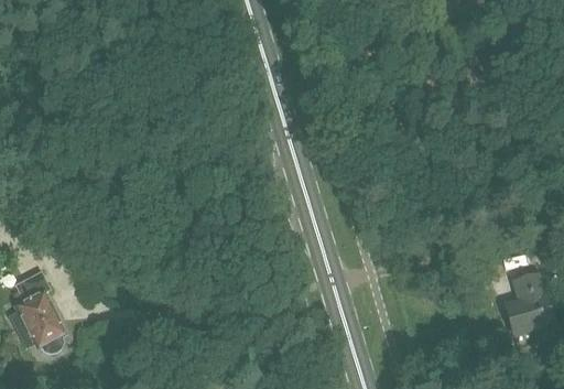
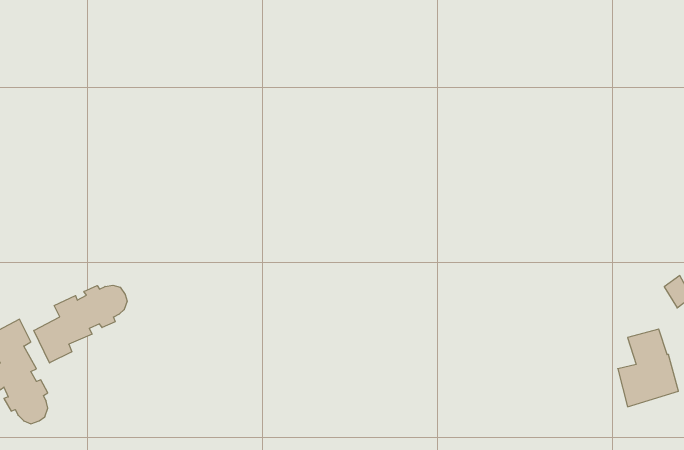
building: none -> [34,285,127,363]

